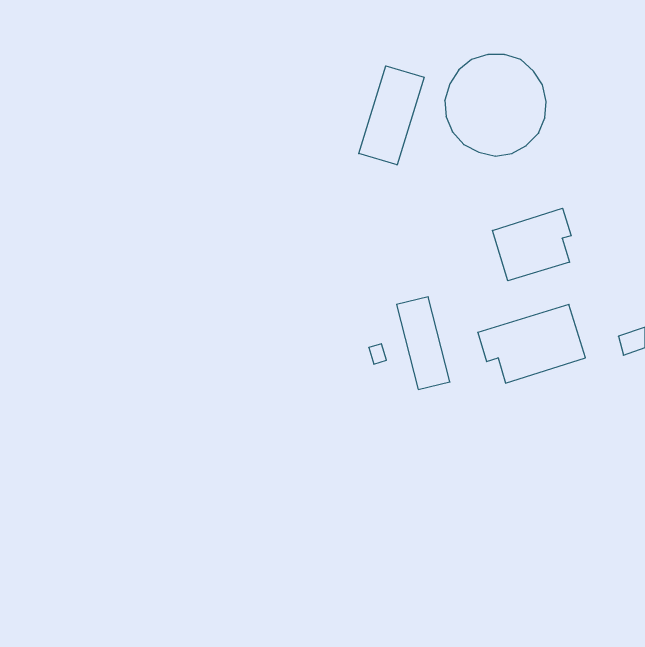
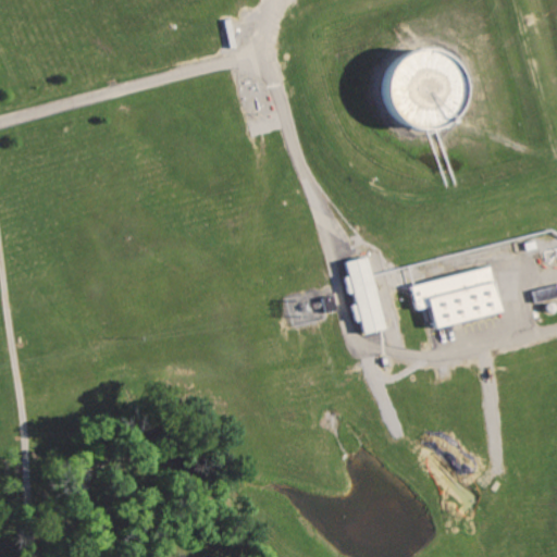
building: [359,66,424,165] -> none
building: [492,208,571,281] -> none

